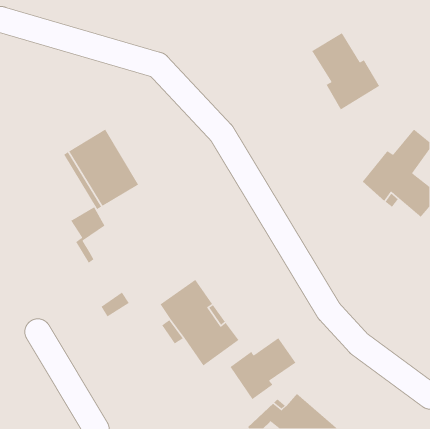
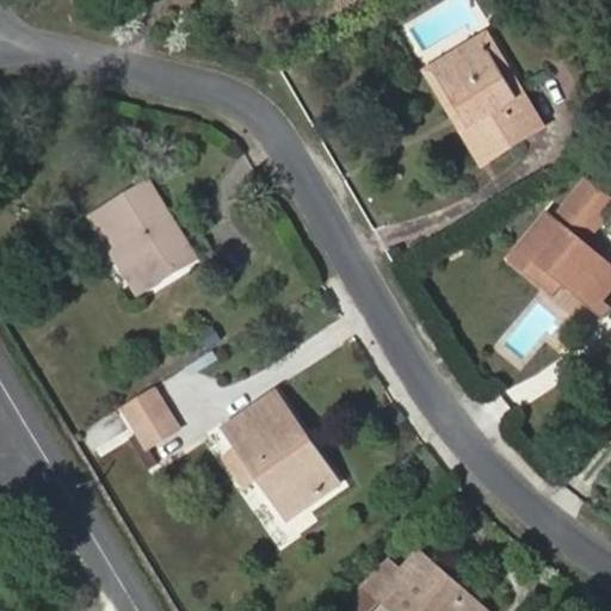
building: none -> [425,31,485,119]
building: [70,206,105,264] -> [123,384,173,465]
building: [229,337,297,400] -> none

